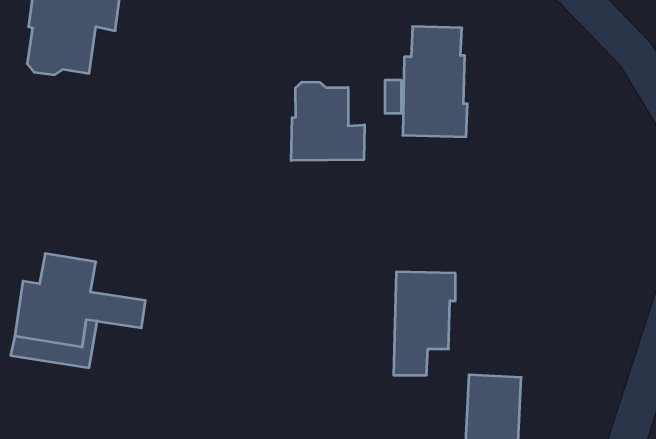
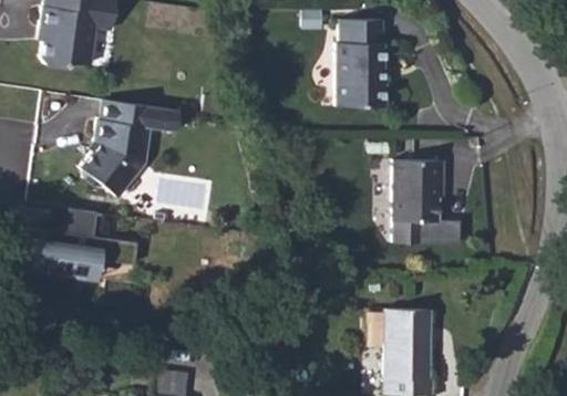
building: [291,82,365,161] -> none
building: none -> [78,97,178,197]
building: [394,272,455,375] -> [396,163,446,246]

